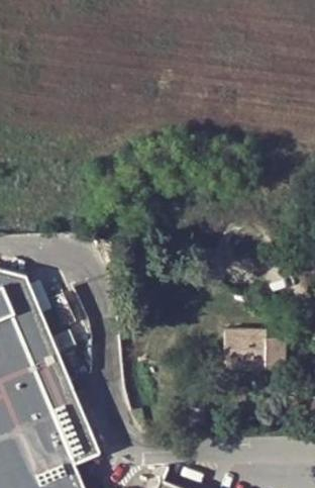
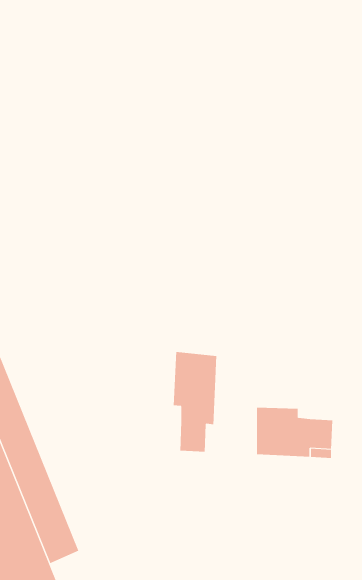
building: none -> [173,351,217,452]

